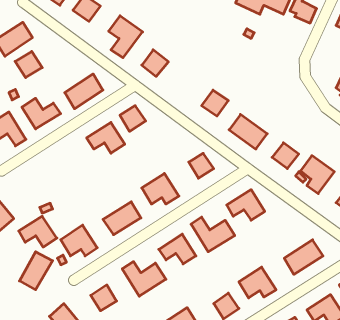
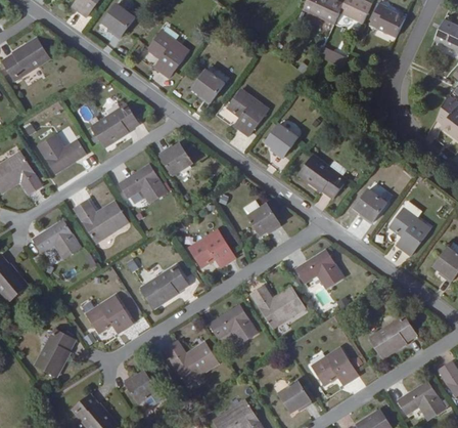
building: [15,51,42,78] -> none
building: none -> [225,87,267,136]
building: none -> [74,200,128,243]
building: [19,216,57,247] -> [32,219,80,258]

